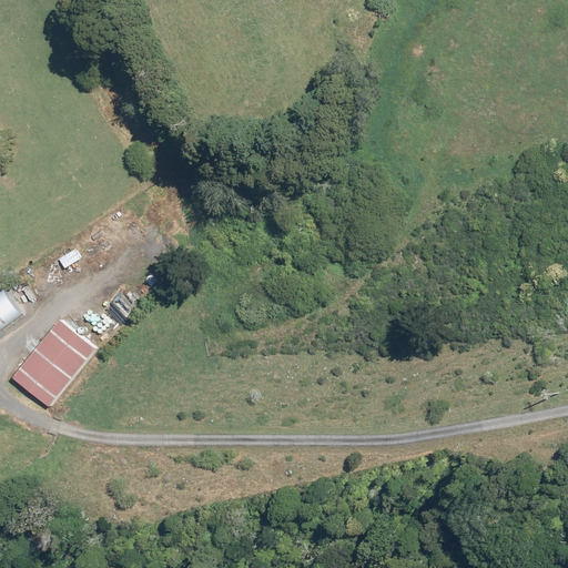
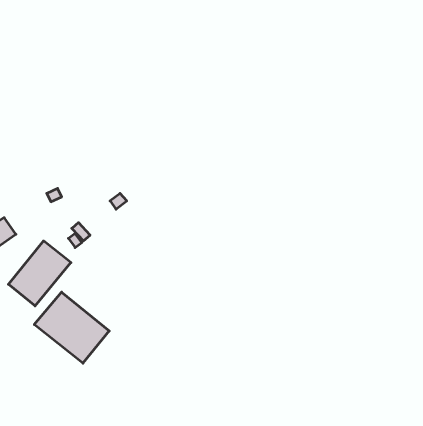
building: none -> [34,292,109,363]

